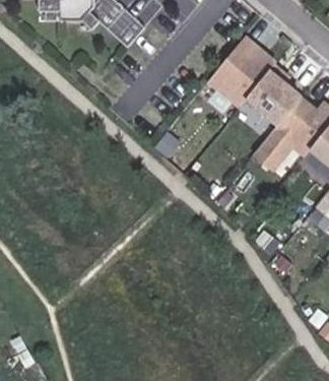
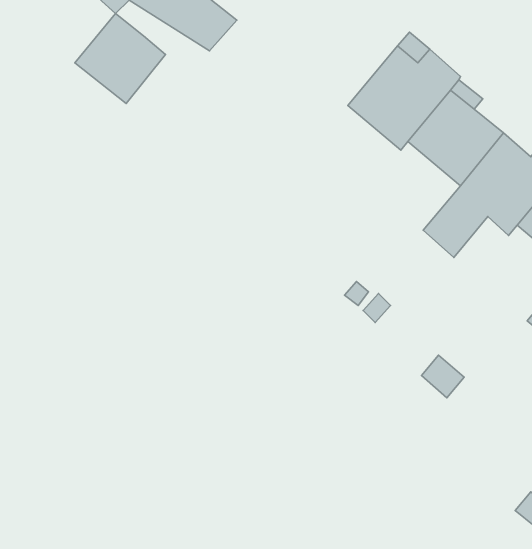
building: none -> [75,13,165,104]

